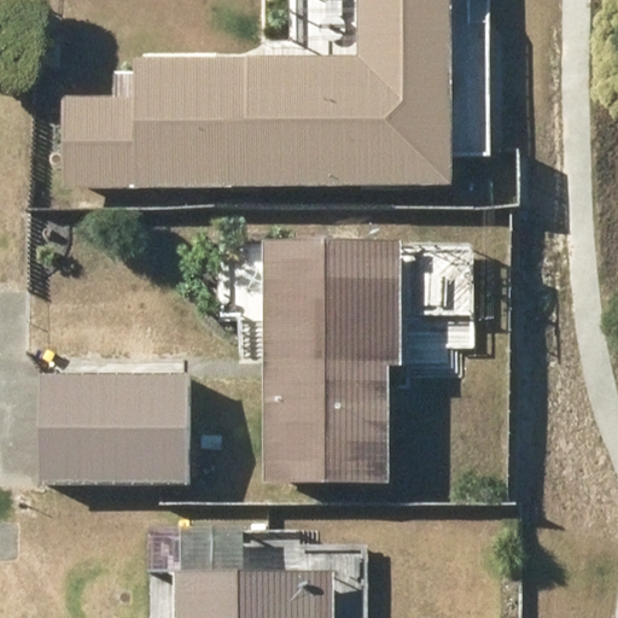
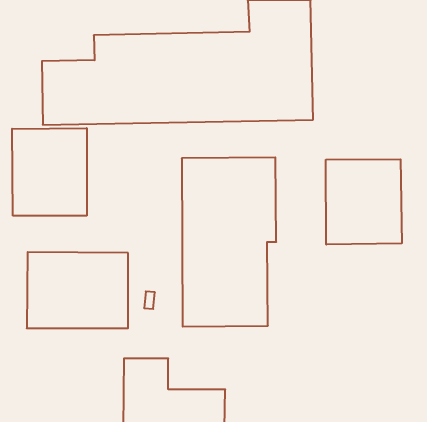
building: none -> [12,128,87,216]
building: none -> [326,159,402,245]

